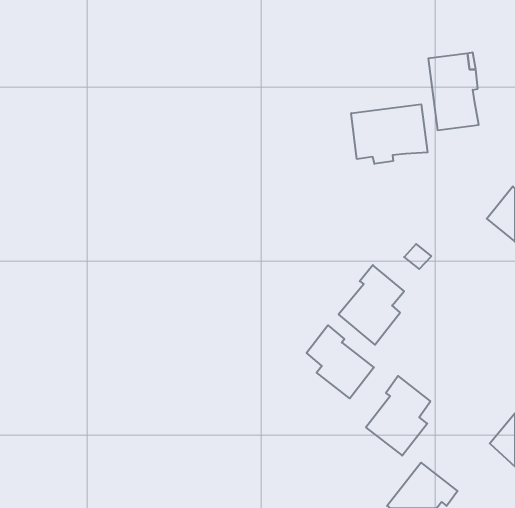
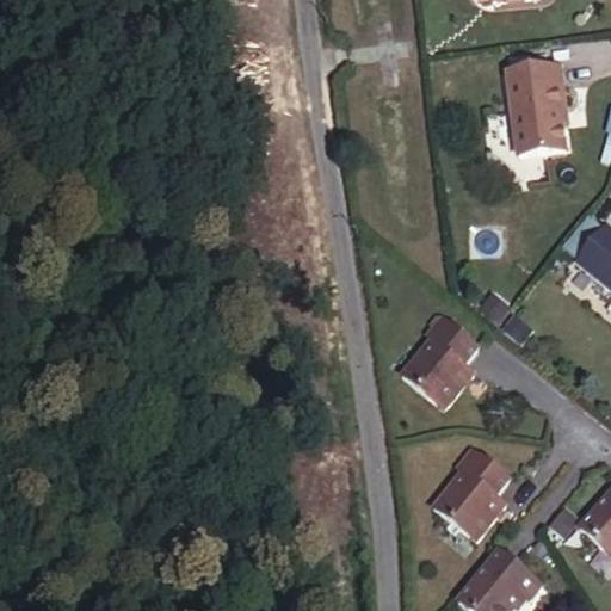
building: [351,104,428,164] -> none
building: [307,325,374,398] -> none

